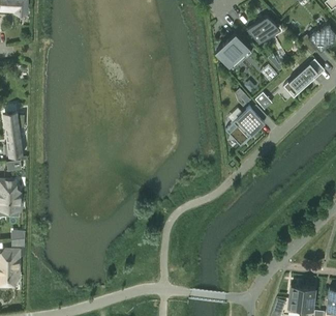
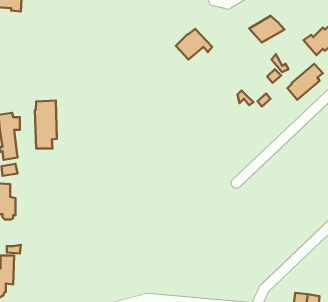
building: [217,35,252,65] -> [176,29,212,60]
building: none -> [35,101,57,149]
building: [225,107,266,146] -> none

